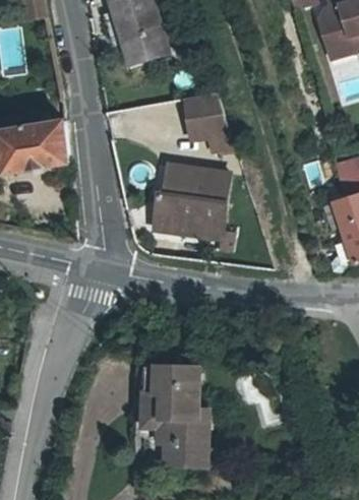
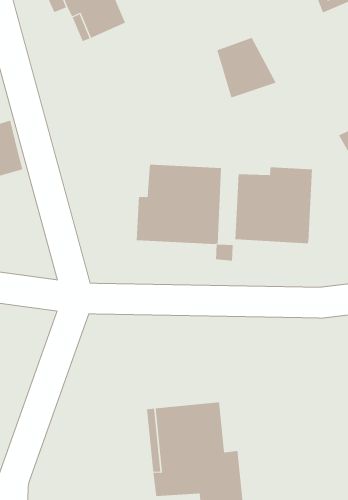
building: [186,104,232,151] -> [216,37,276,98]
building: none -> [235,167,312,244]

